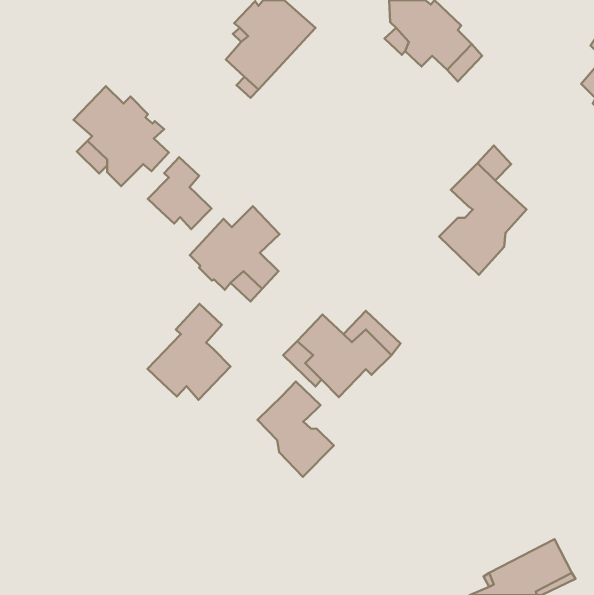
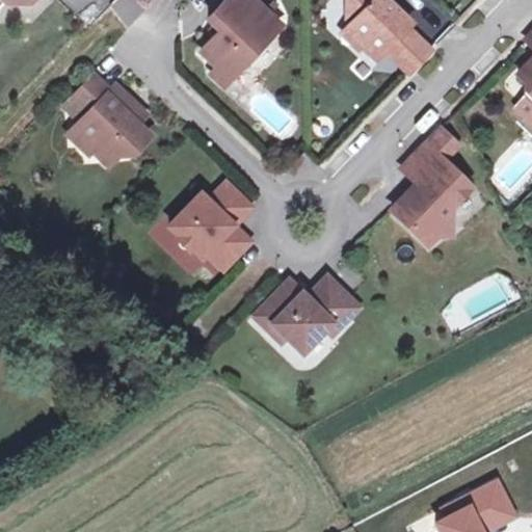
building: [148,157,211,229] -> none
building: [147,304,230,400] -> none
building: [257,381,334,477] -> none

